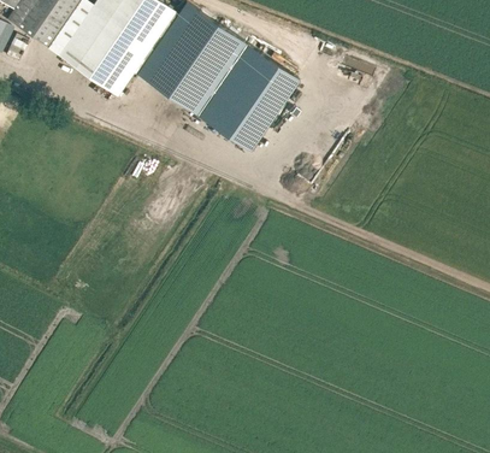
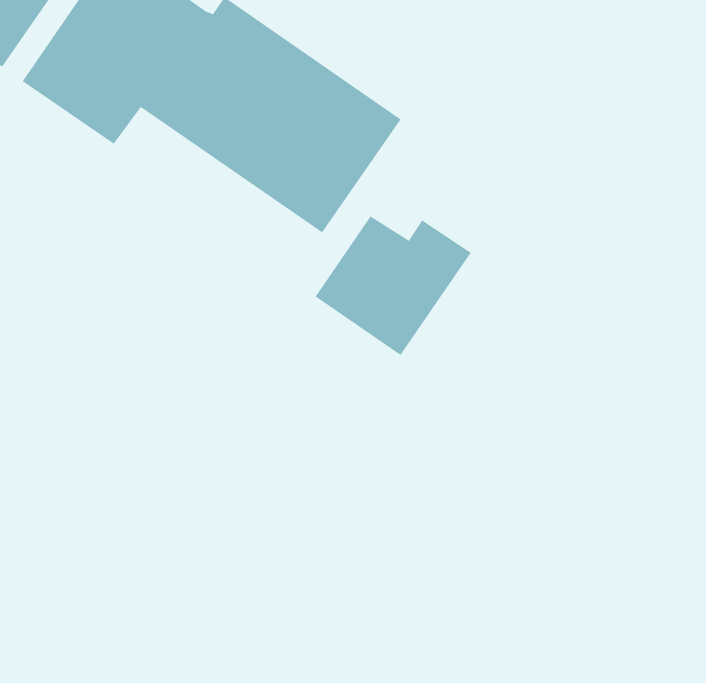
building: none -> [315,215,471,356]

